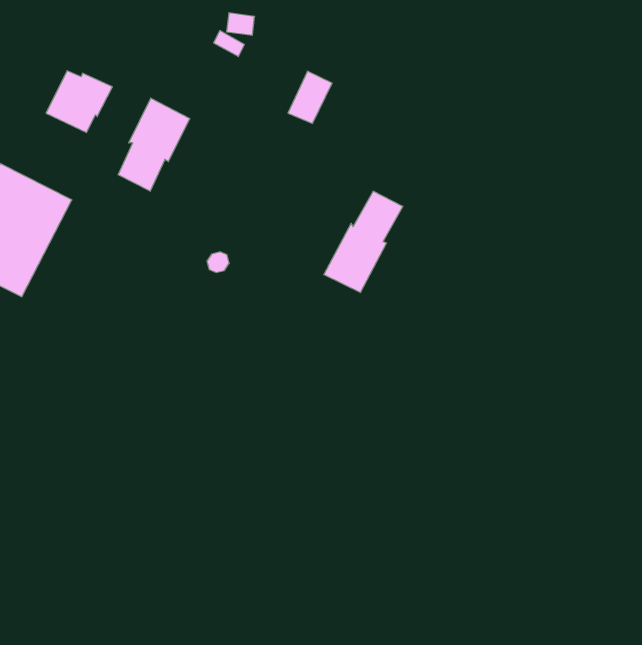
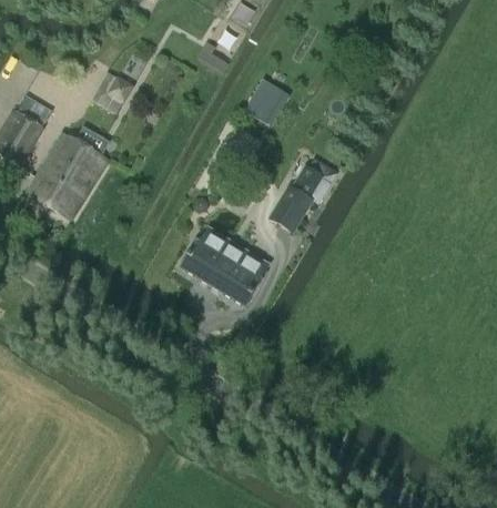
building: [118,98,190,191] -> none
building: none -> [181,227,267,306]

